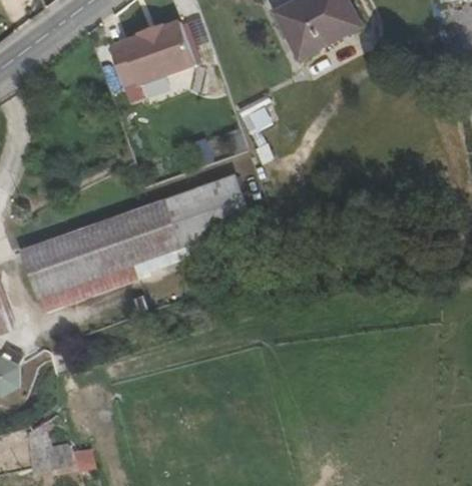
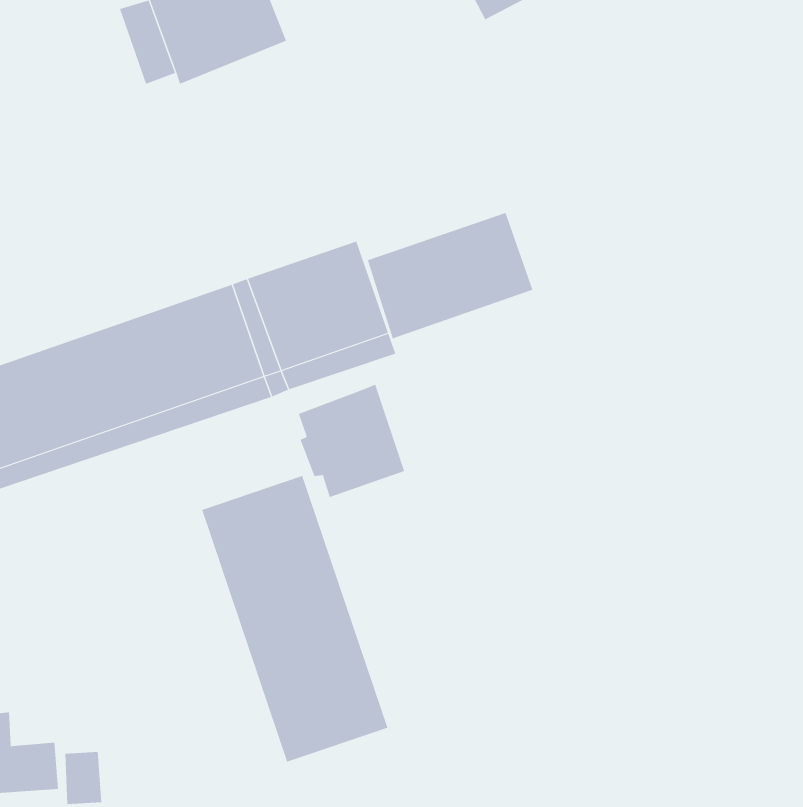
building: none -> [367,212,533,339]
building: none -> [298,384,405,498]
building: none -> [201,475,388,762]

